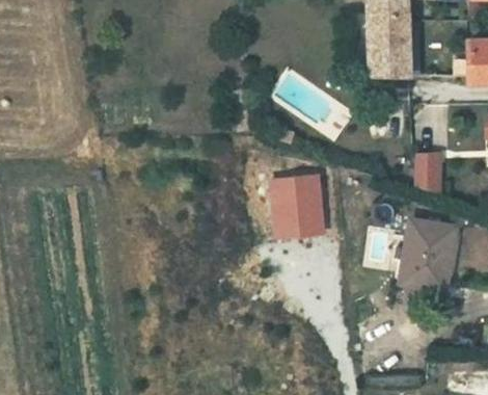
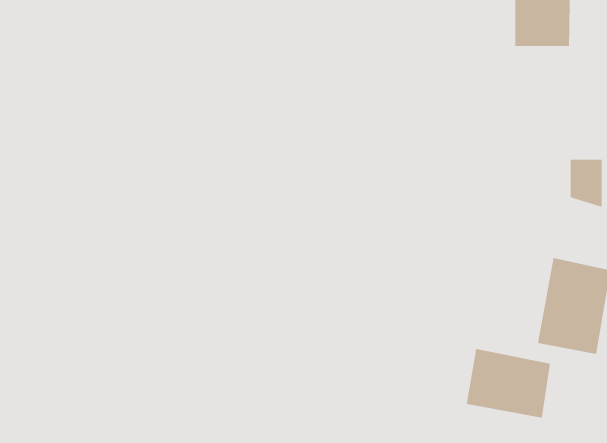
building: [269,188,318,247] -> none
building: none -> [466,348,550,418]

